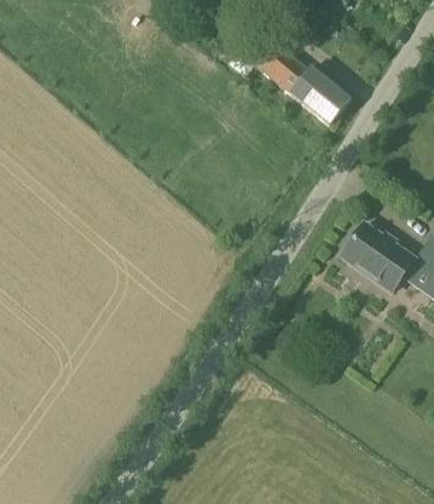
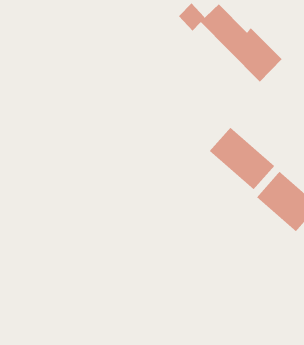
building: none -> [209,127,275,190]

